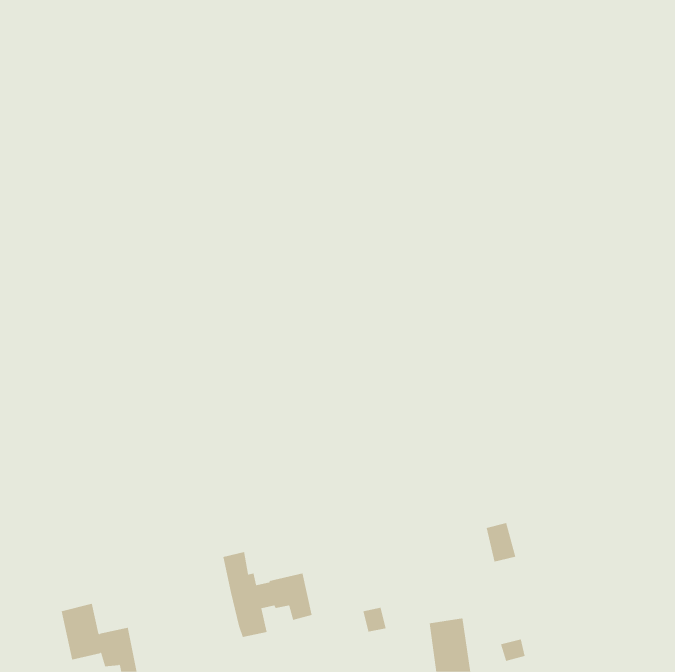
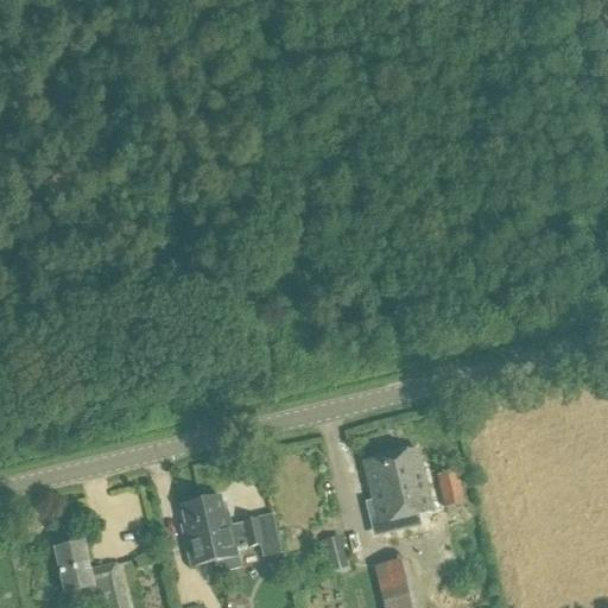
building: none -> [355,450,430,522]
building: none -> [179,500,214,566]

